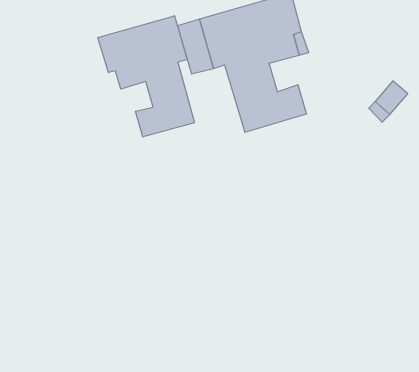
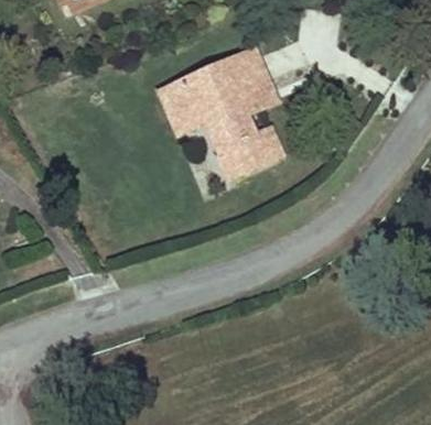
building: [98,16,195,137] -> none

